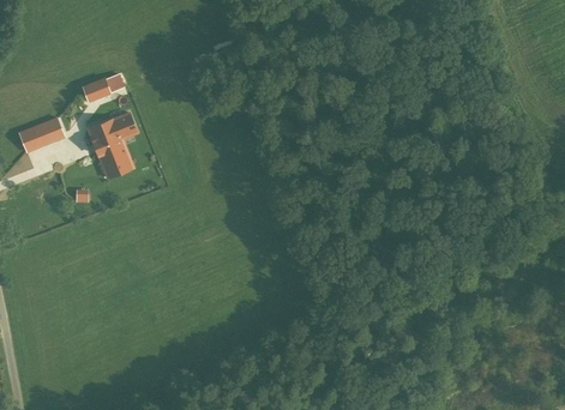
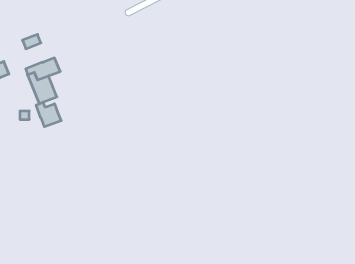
building: none -> [36,102,61,127]

